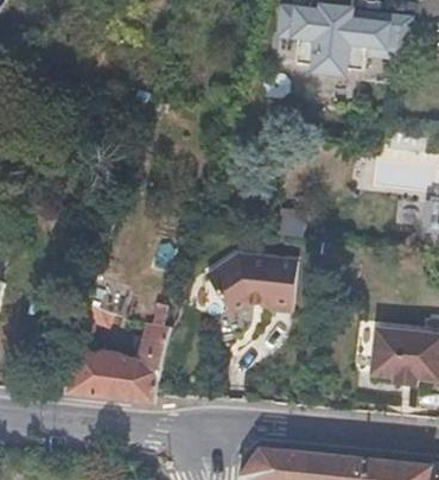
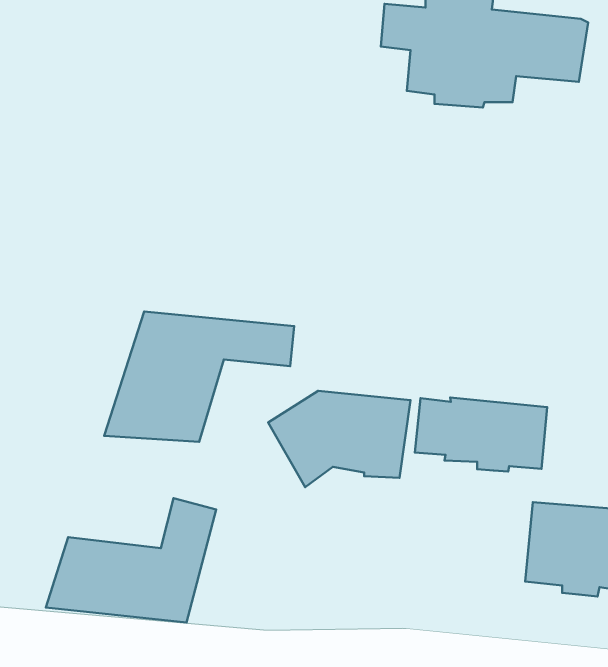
building: none -> [104,311,294,442]
building: none -> [415,397,547,472]

